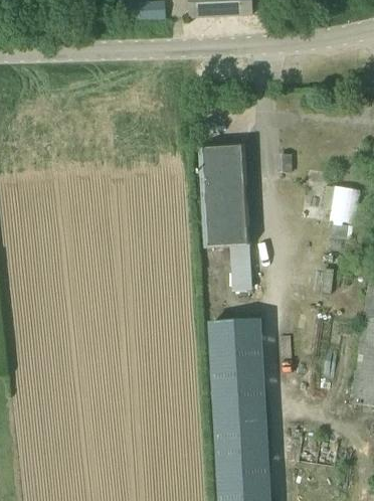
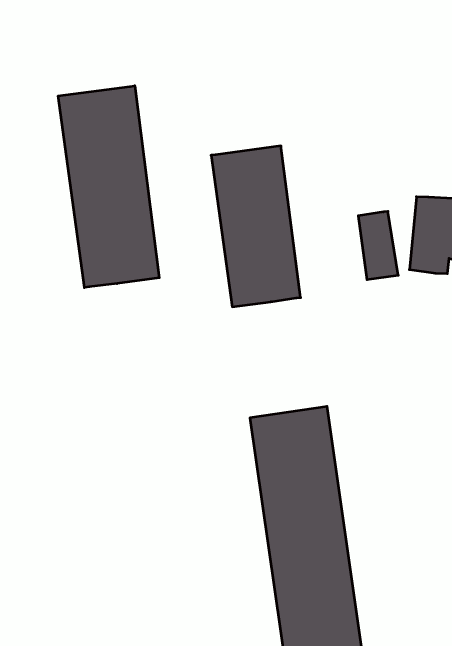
building: none -> [58,86,159,288]
building: [229,245,252,290] -> [358,211,398,280]

